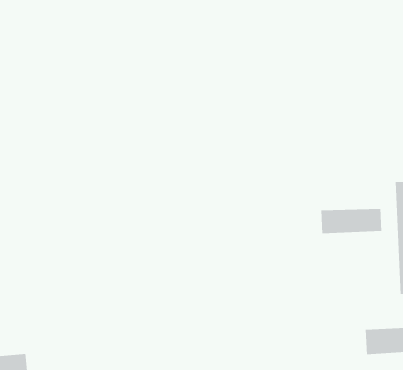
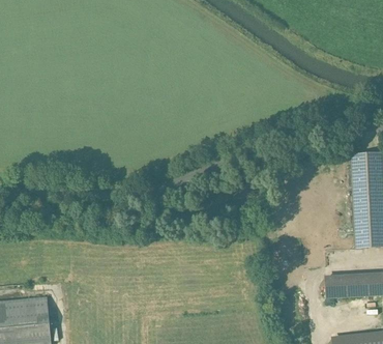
building: [321,208,382,234] -> none

